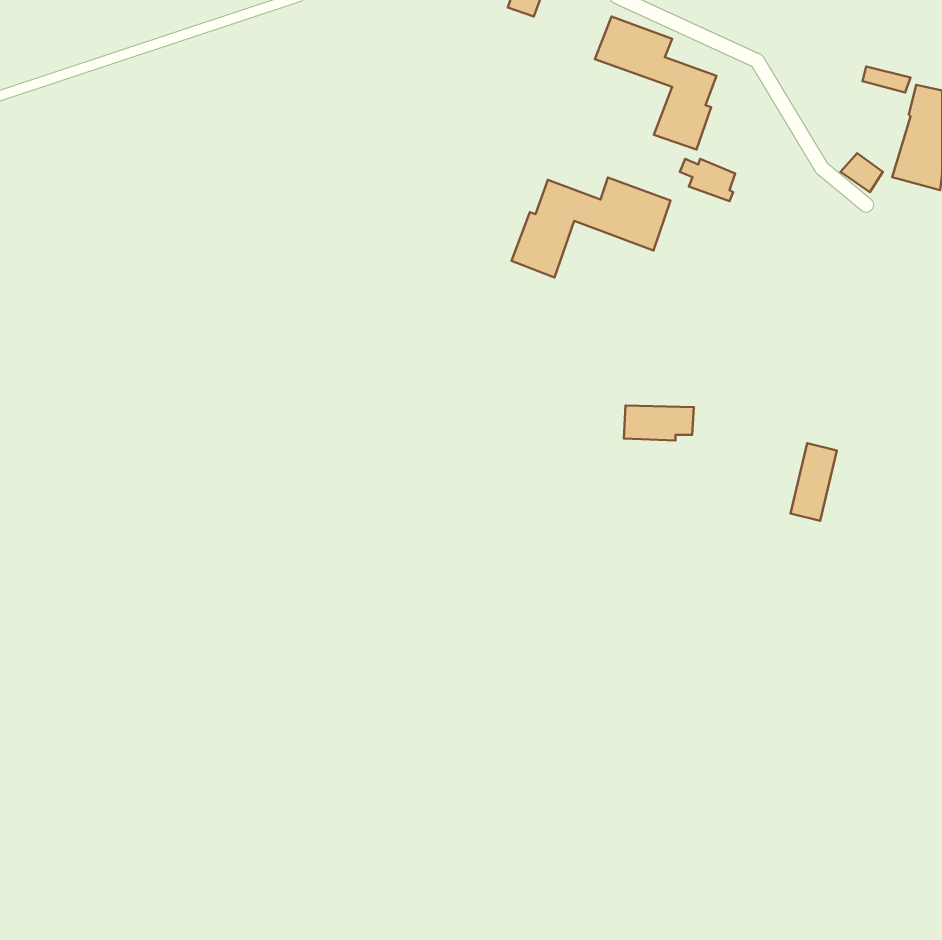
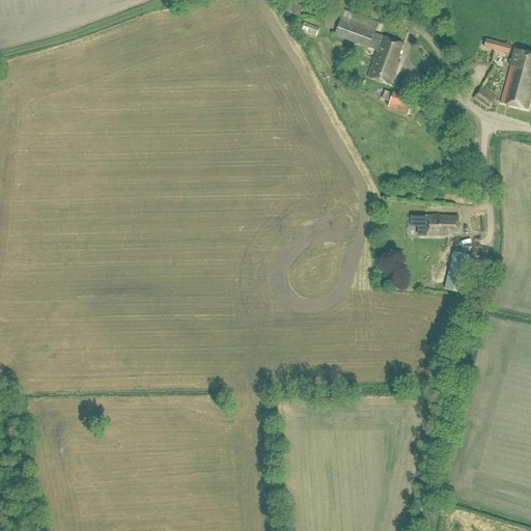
building: [511,178,670,277] -> none
building: [624,405,694,440] -> [419,215,458,234]

